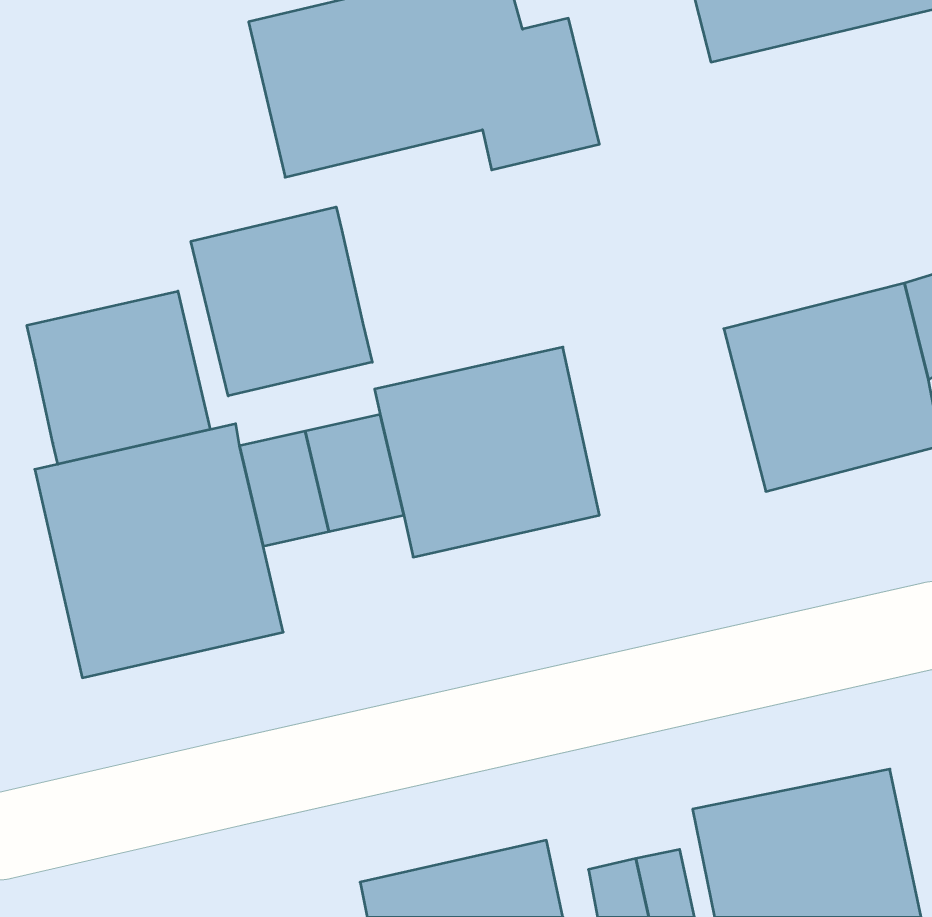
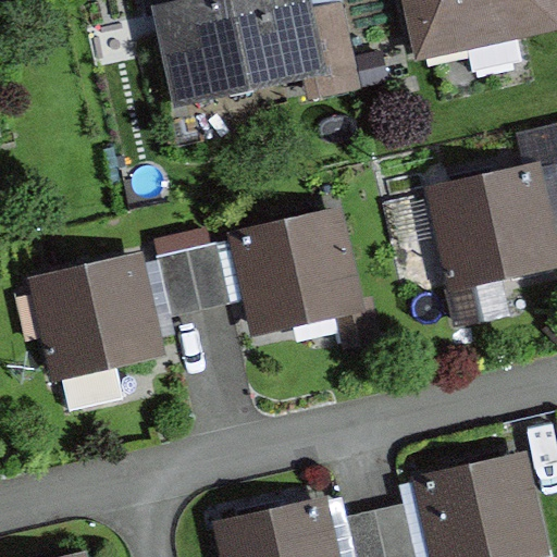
building: [191,207,372,396] -> none
building: [27,291,210,464] -> none

